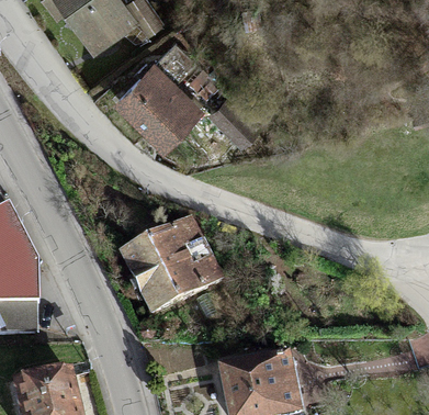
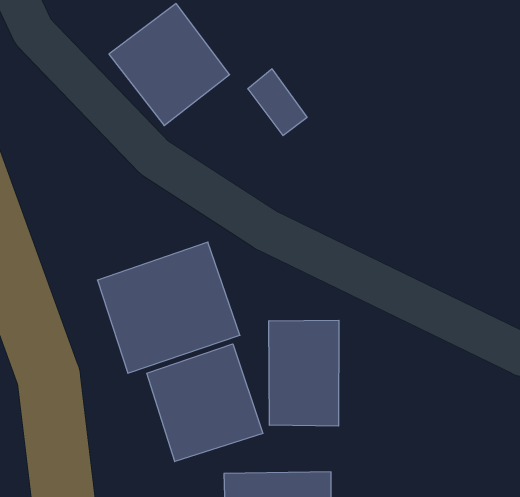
building: none -> [269,320,339,426]
building: none -> [147,344,263,462]

